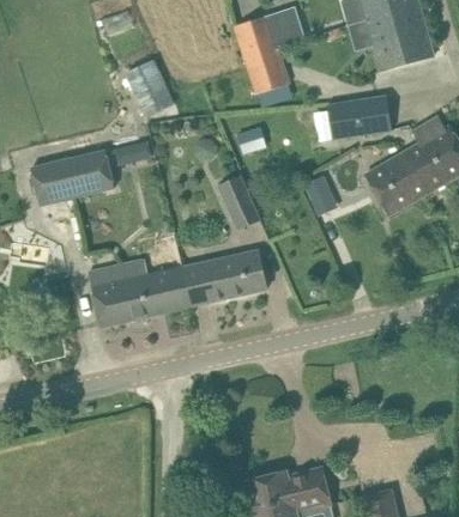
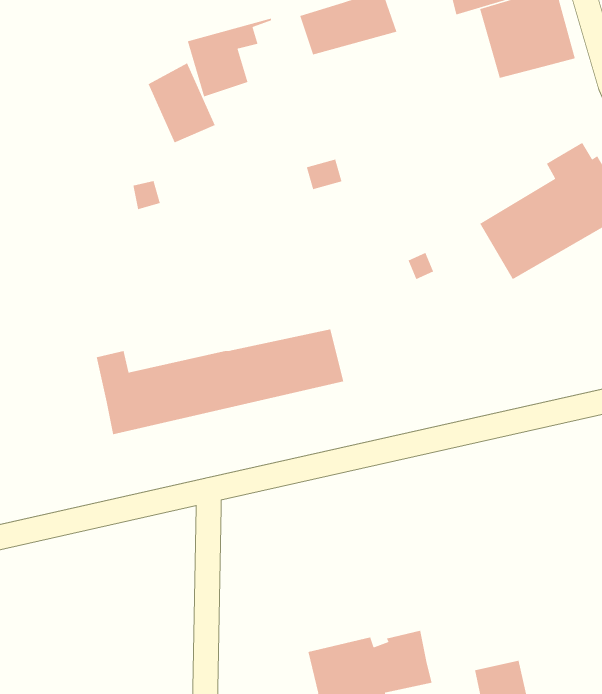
building: [243,37,304,95] -> [187,18,272,97]
building: [328,96,389,139] -> none
building: [31,150,114,206] -> none
building: [218,177,258,229] -> none

